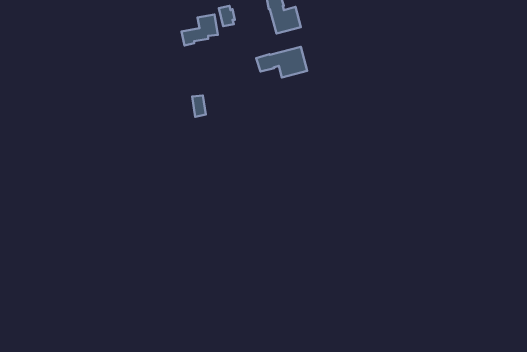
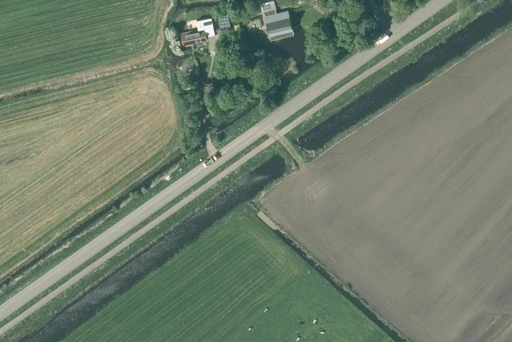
building: [256,47,307,78] -> none

